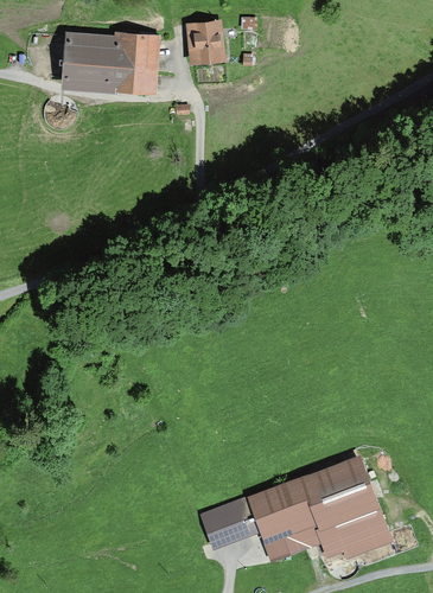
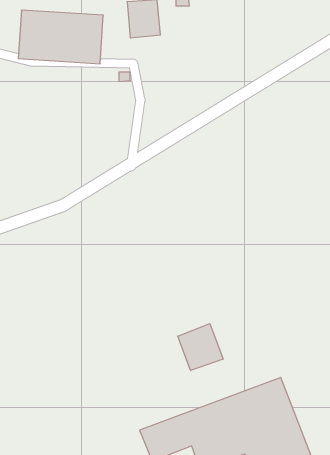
building: none -> [178,324,223,371]

